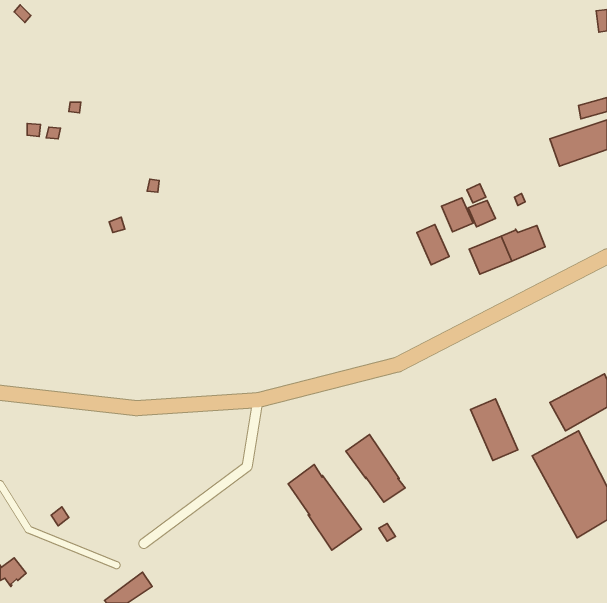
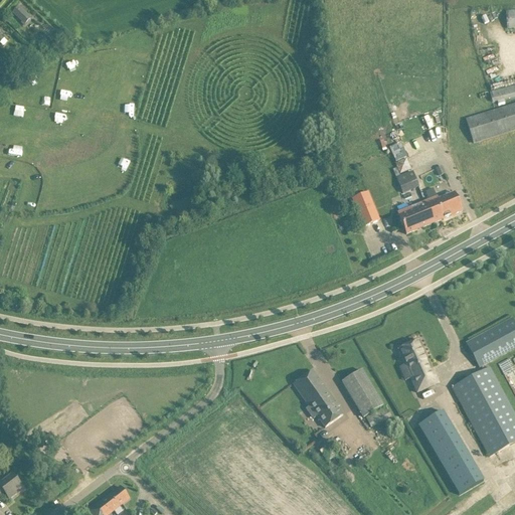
building: [441,198,473,232] -> none
building: none -> [342,368,383,415]
building: [288,465,361,550] -> none
building: none -> [418,409,484,493]

